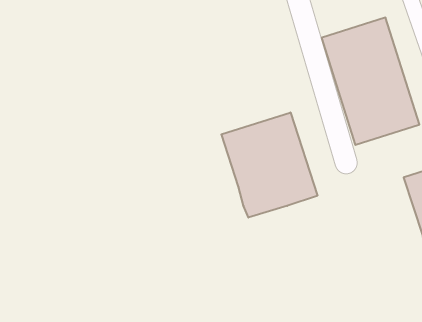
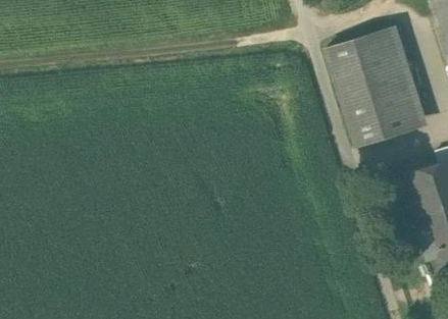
building: [221,112,317,218] -> none

